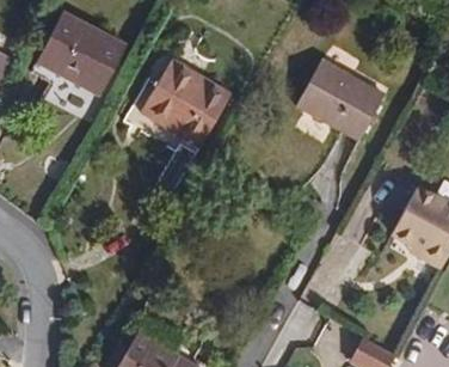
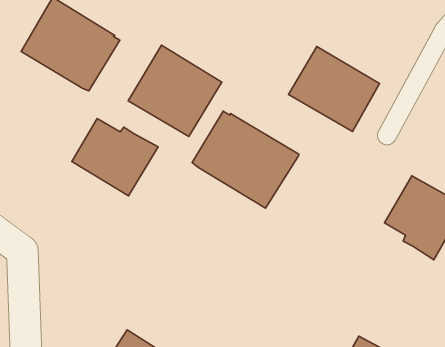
building: none -> [192,111,299,208]
building: none -> [72,119,158,196]

